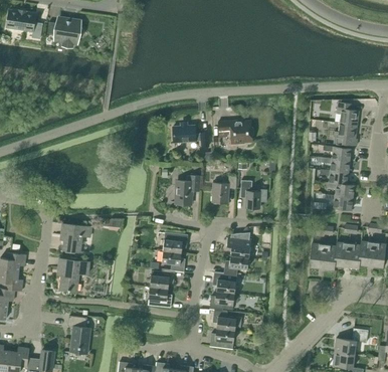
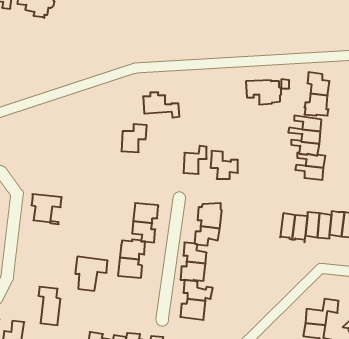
building: [217,120,252,144] -> [246,80,281,104]
building: [174,175,199,203] -> [121,124,147,152]
building: [56,257,88,292] -> [75,257,108,291]

